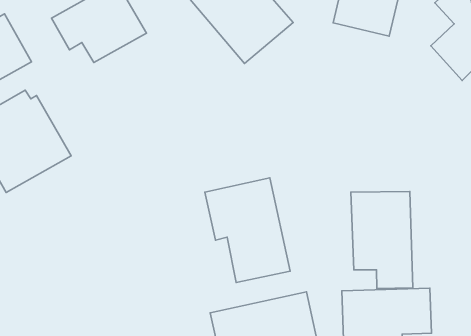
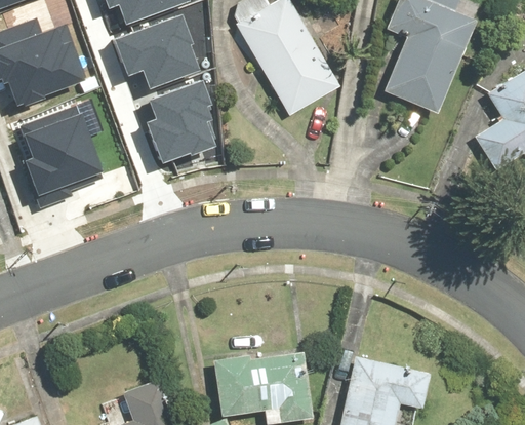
building: none -> [143,82,220,166]
building: [205,178,290,282] -> none
building: [351,191,413,289] -> none

